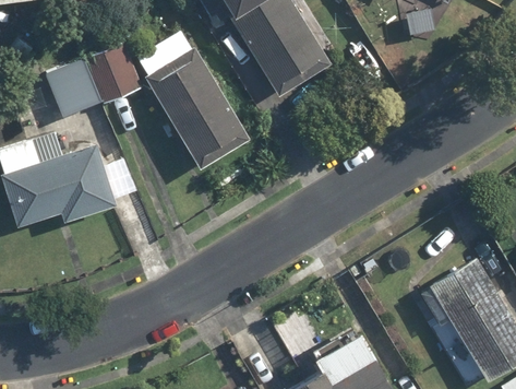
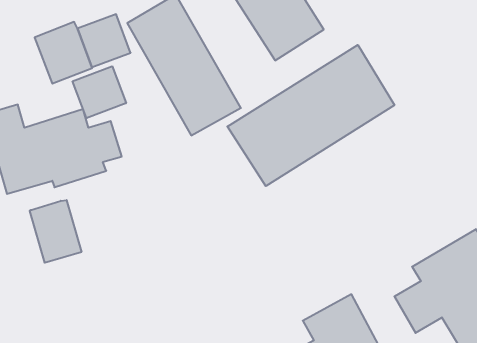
building: none -> [227,45,394,186]
building: none -> [73,66,126,118]
building: none -> [30,200,81,263]

